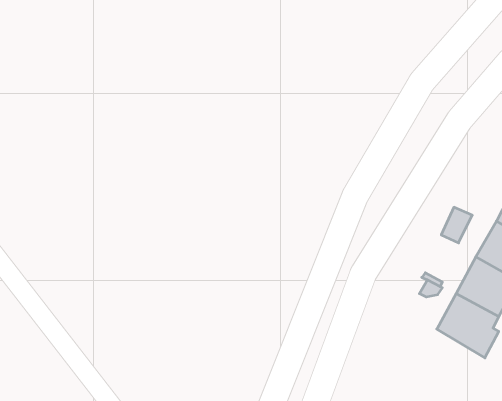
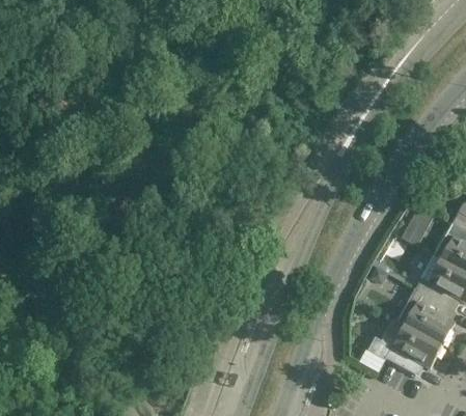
building: none -> [368,317,443,373]

